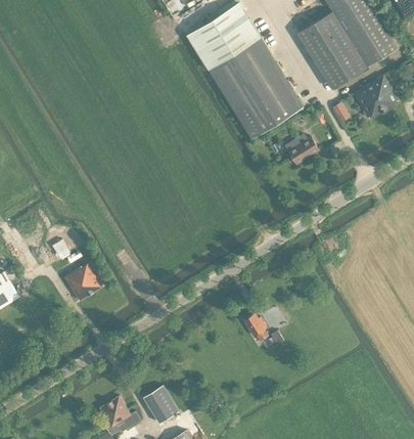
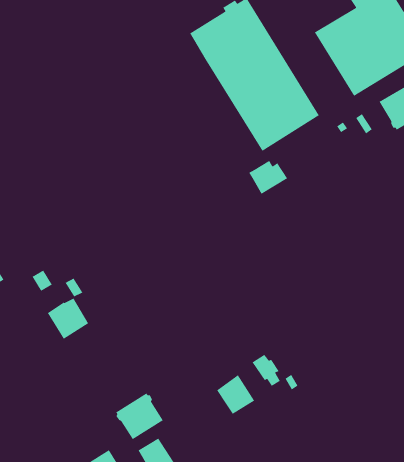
building: [284,134,319,165] -> [248,160,288,195]
building: none -> [216,374,255,415]
building: none -> [115,392,164,440]

